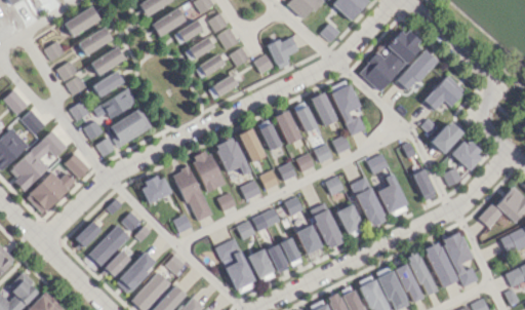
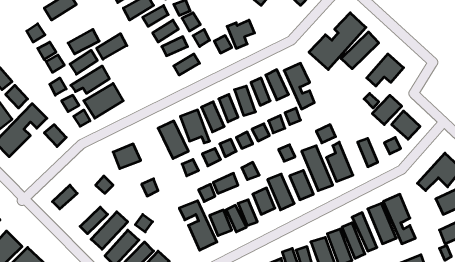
building: [78,27,112,55] -> [97,34,127,59]
building: [173,167,211,223] -> none
building: [26,171,76,214] -> none
building: [88,225,129,267] -> none

